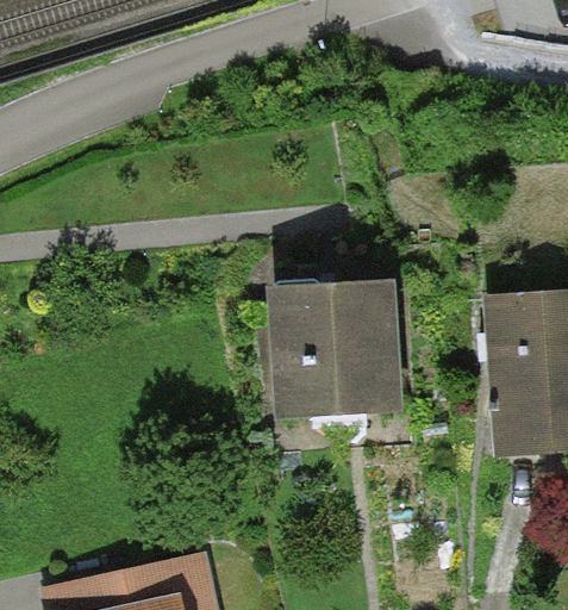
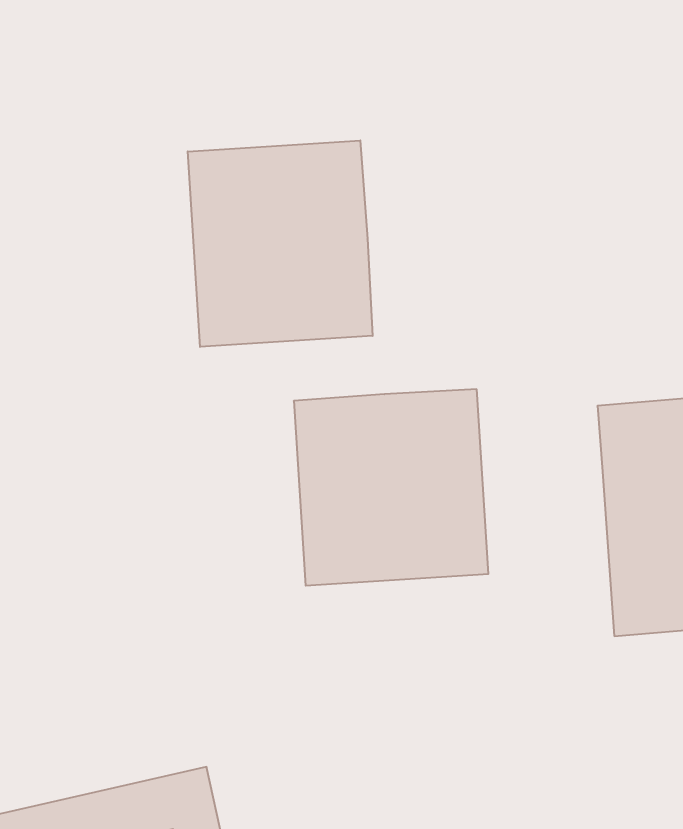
building: none -> [188,140,373,347]

